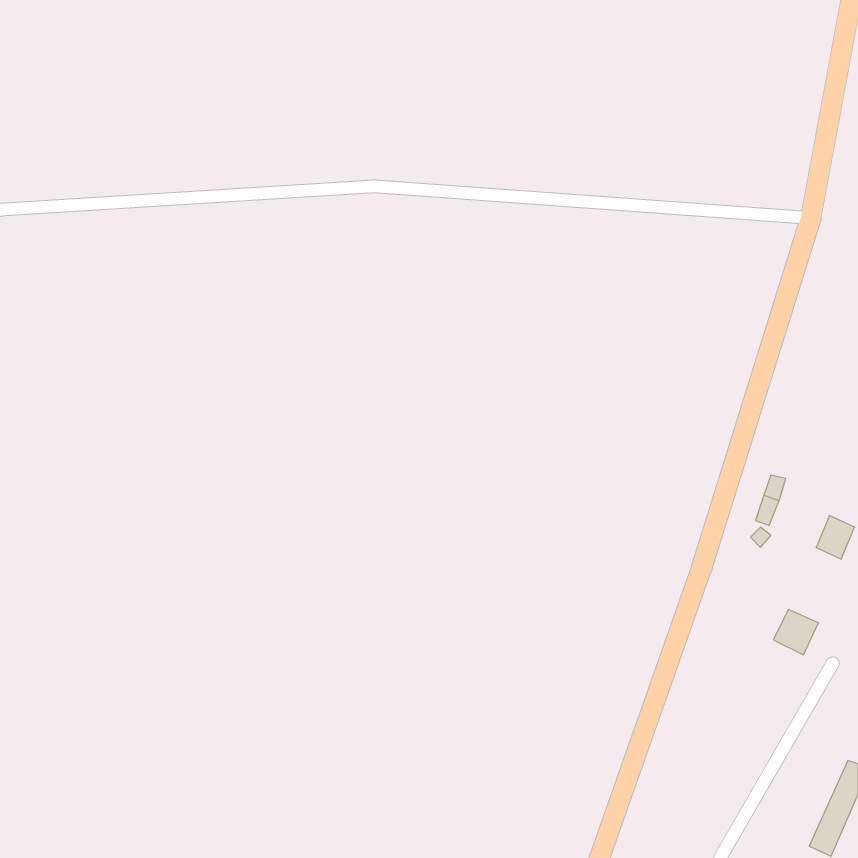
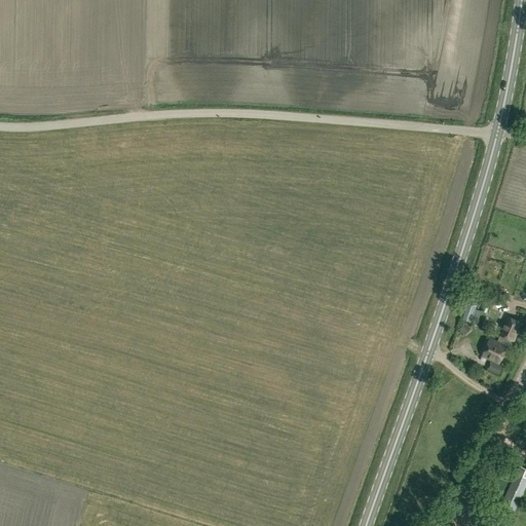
building: [773,610,819,655] -> [481,337,509,365]

